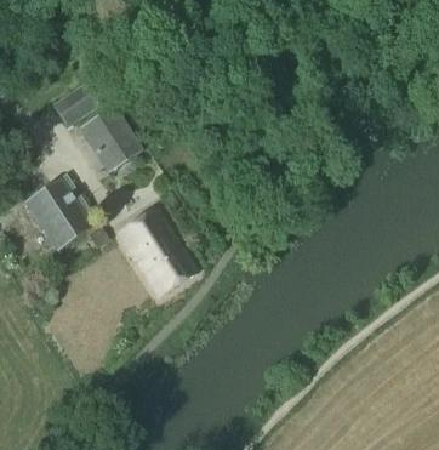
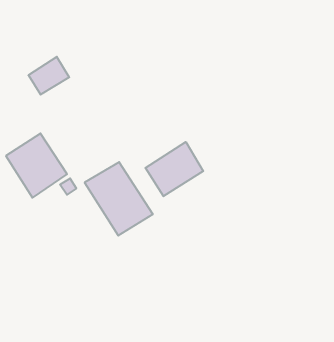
building: [79,106,141,171] -> none
building: none -> [145,142,203,196]

